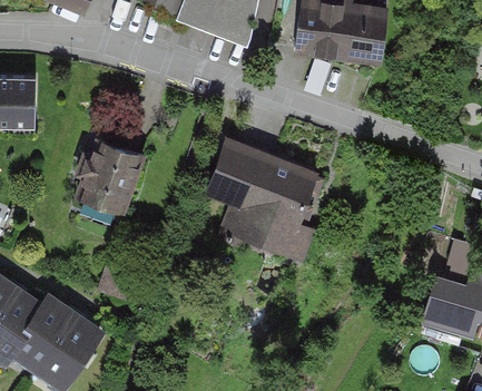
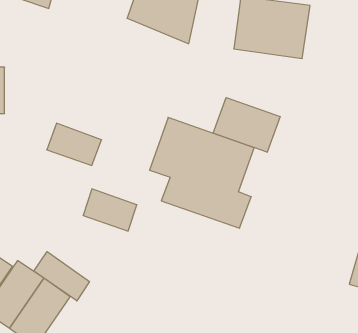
building: none -> [213,98,280,152]
building: [72,170,134,218] -> [83,189,137,231]
building: none -> [34,252,89,301]

